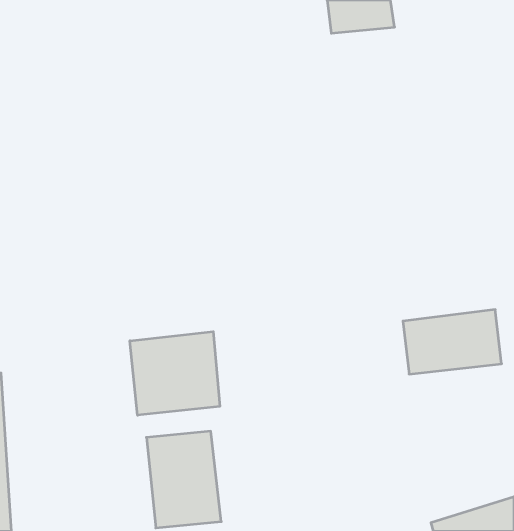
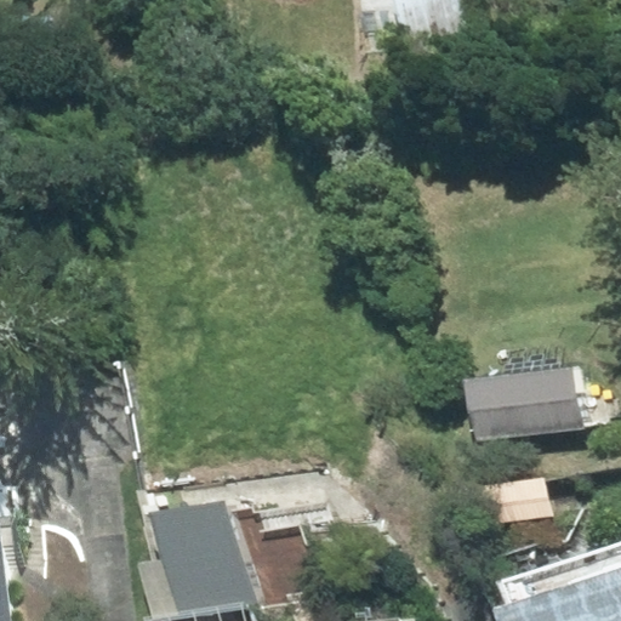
building: [130,332,220,415] -> none

